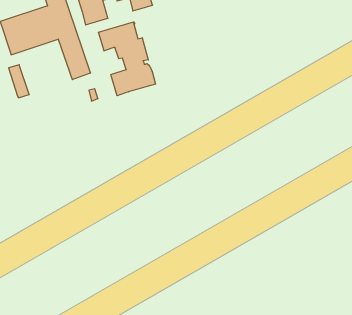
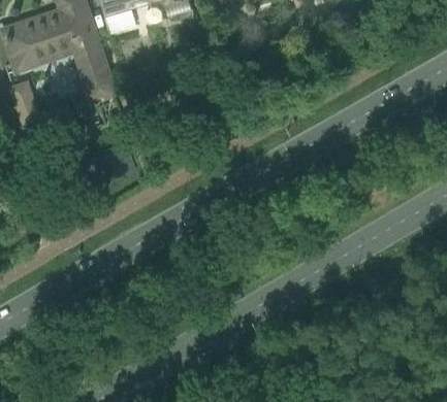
building: [98,22,156,96] -> none

